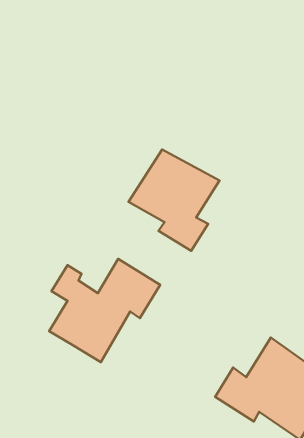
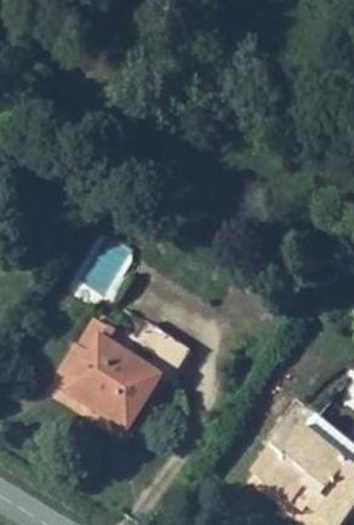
building: [128,150,219,251] -> none

